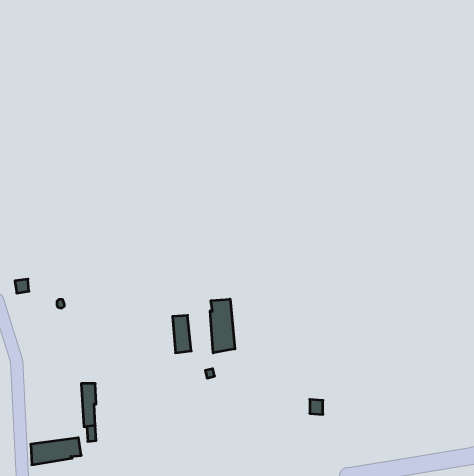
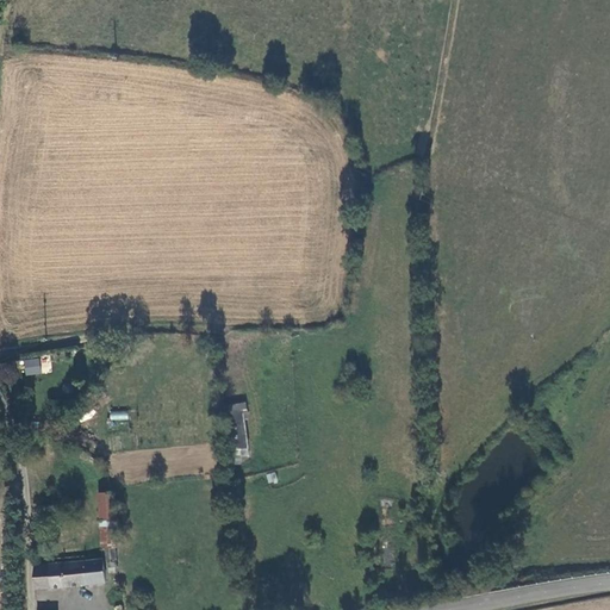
building: [210,299,235,353] -> none

